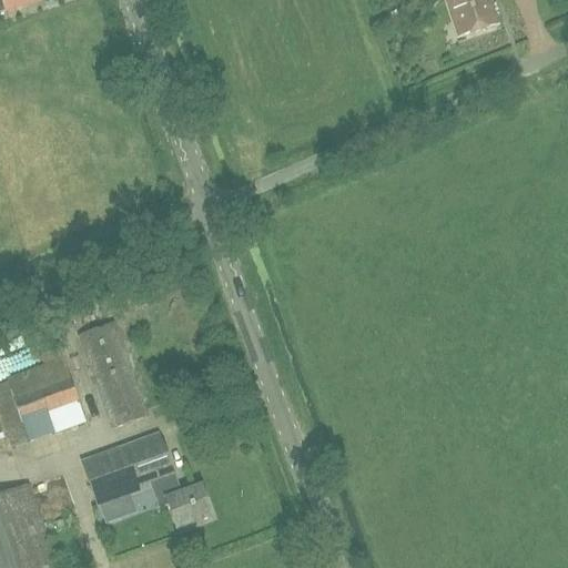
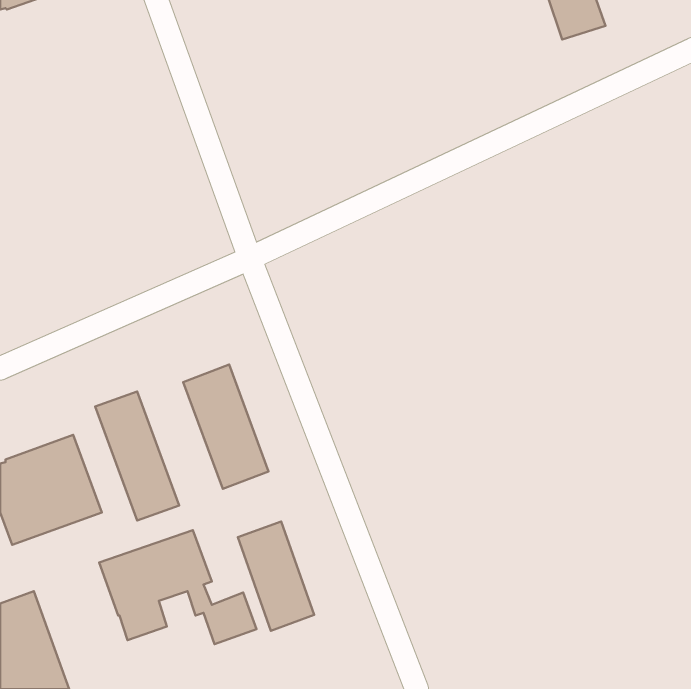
building: none -> [183,364,269,489]
building: none -> [238,521,314,631]

